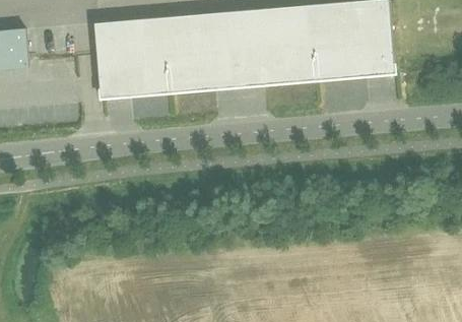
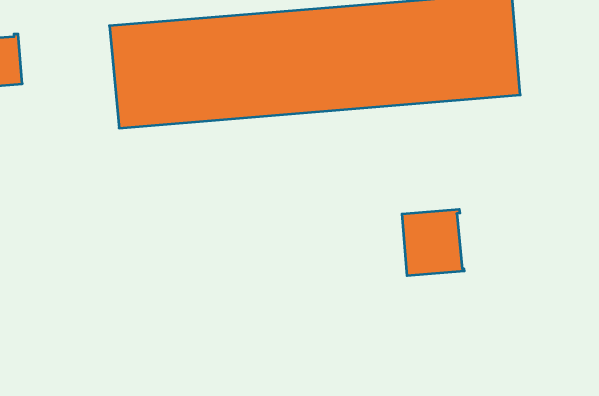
building: none -> [402,209,464,276]

